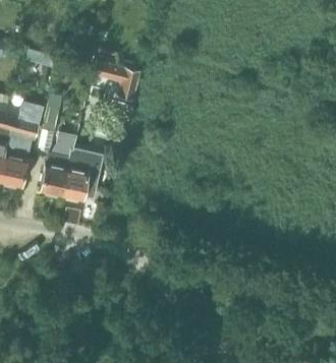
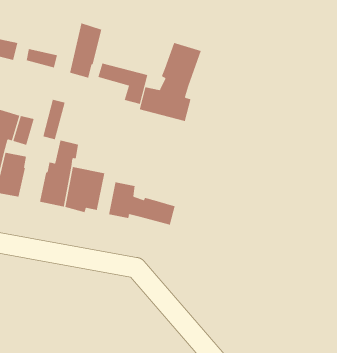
building: none -> [69,23,102,78]
building: none -> [139,42,201,122]
building: none -> [108,182,175,226]

